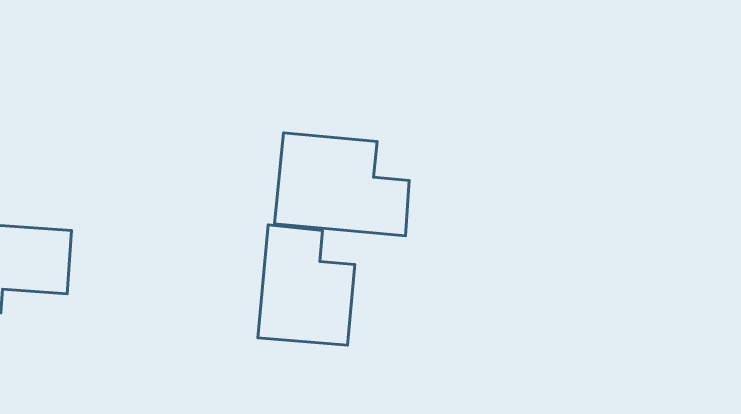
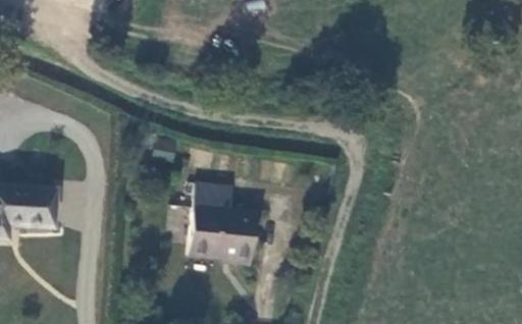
building: [274,133,409,236] -> none

